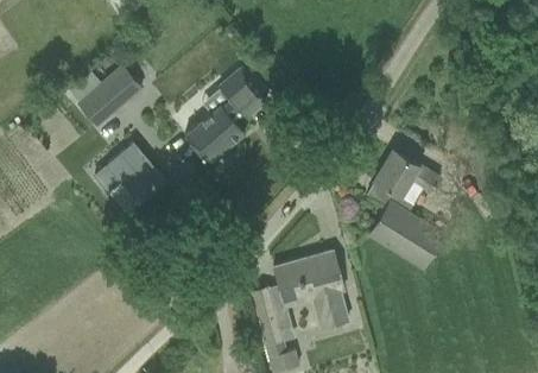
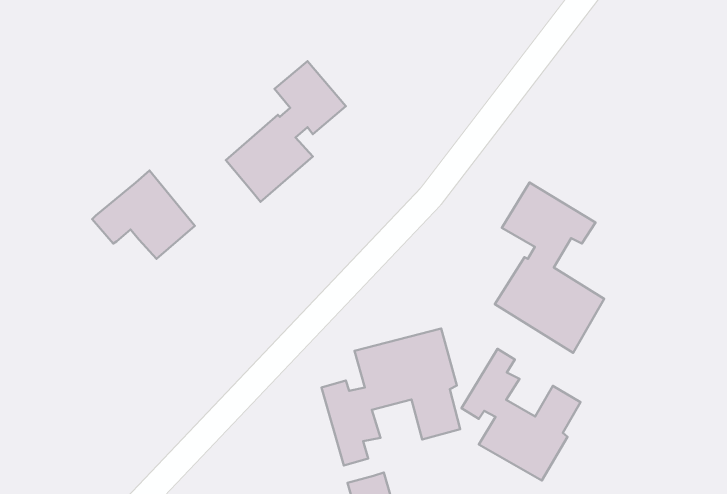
building: [78,67,141,126] -> none
building: none -> [461,349,580,480]

